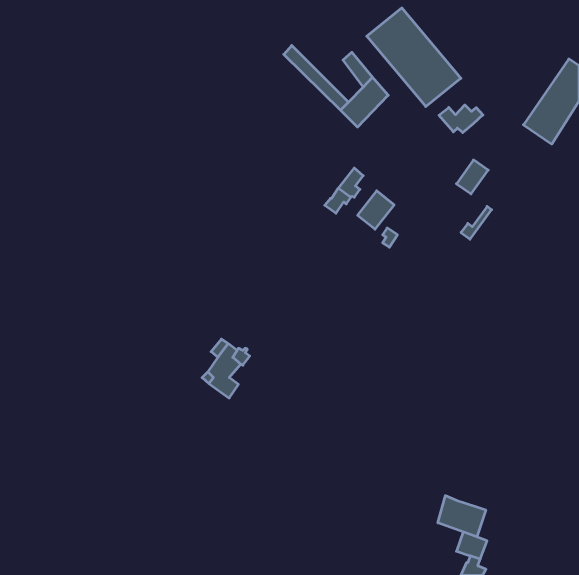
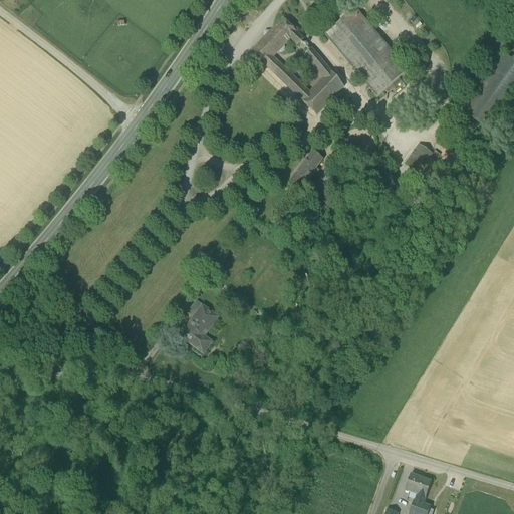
building: none -> [258,16,303,54]
building: [439,105,483,133] -> none
building: [358,191,394,229] -> none
building: [438,496,486,537] -> none

